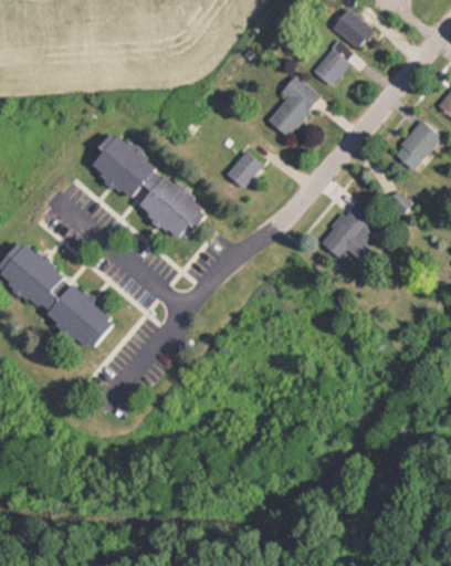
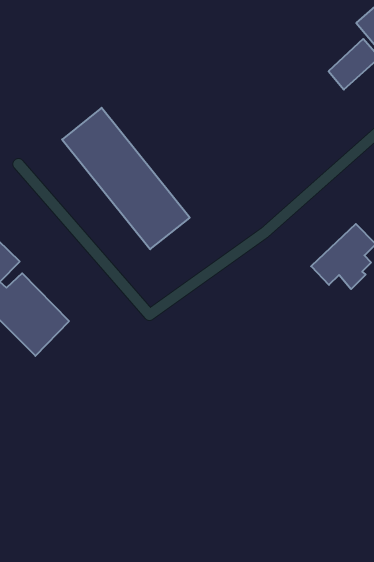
building: [269,74,321,136] -> none
building: [226,149,263,188] -> none

